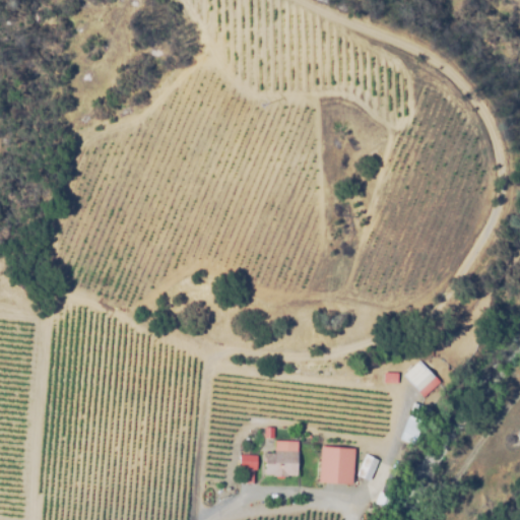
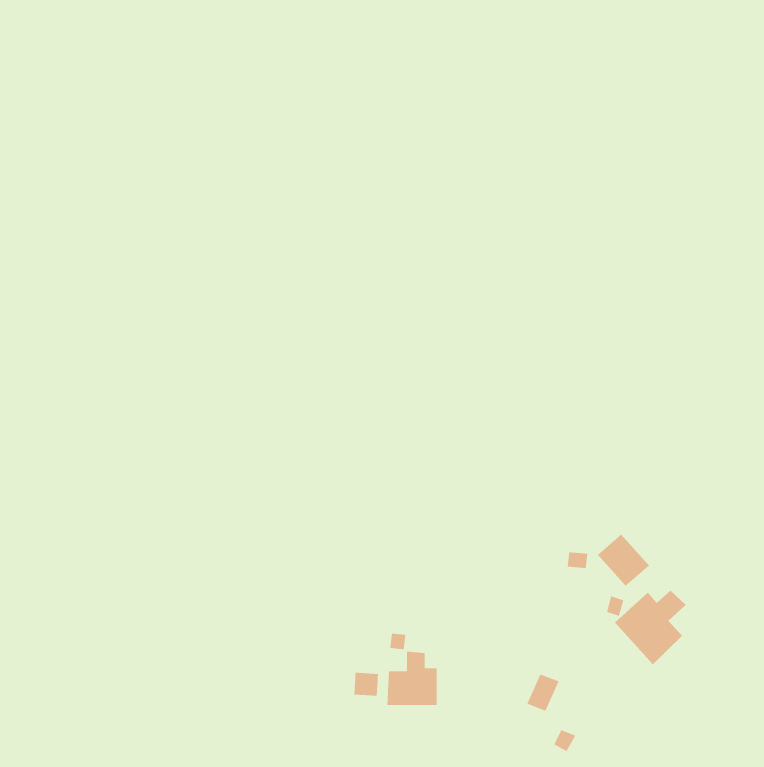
building: none -> [614,590,687,665]
building: [322,441,354,478] -> none

